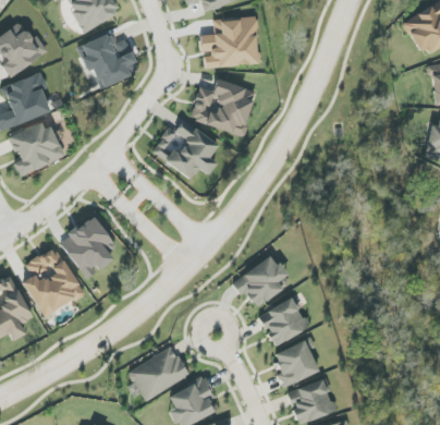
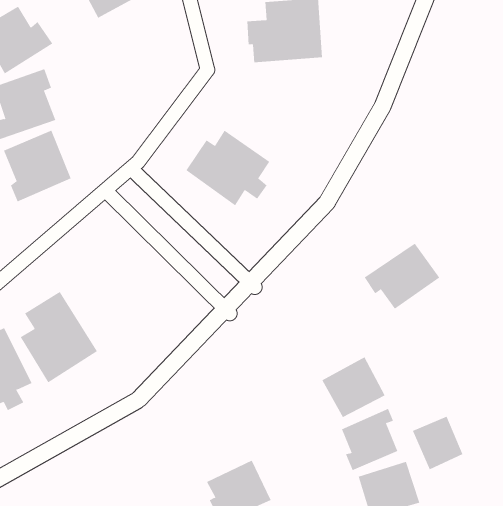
building: [77,33,139,87] -> none
building: [191,78,258,135] -> none
building: [59,215,117,278] -> none
building: [232,254,292,306] -> [364,243,440,310]
building: none -> [412,416,463,470]
building: [129,345,190,400] -> none

